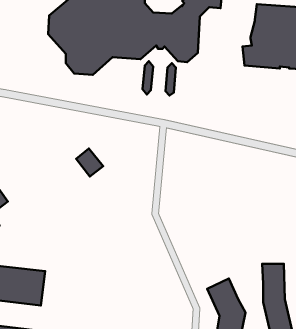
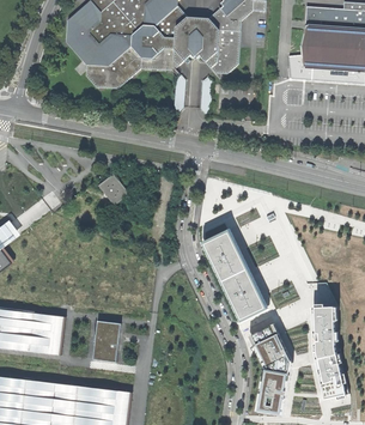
building: none -> [201,227,267,321]
building: none -> [92,320,120,360]

